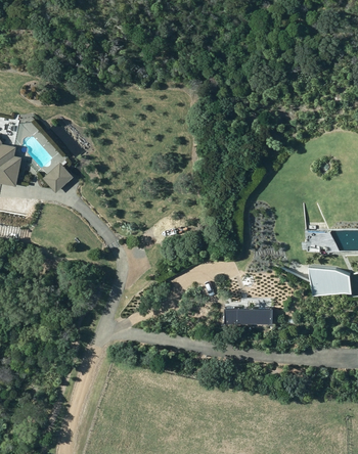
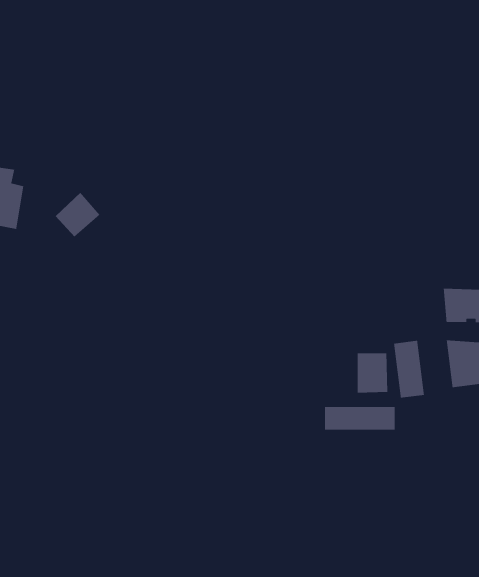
building: none -> [393,340,425,398]
building: none -> [357,353,388,394]

